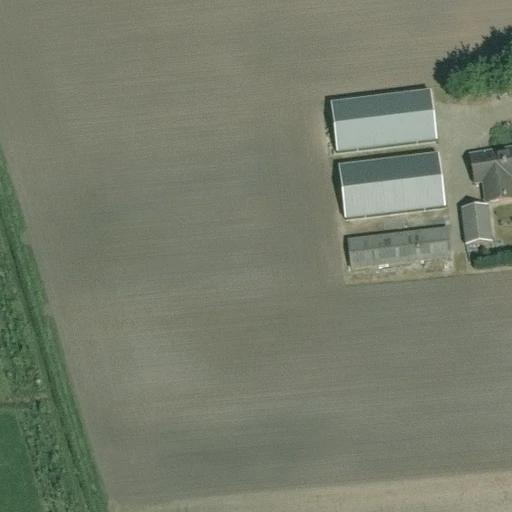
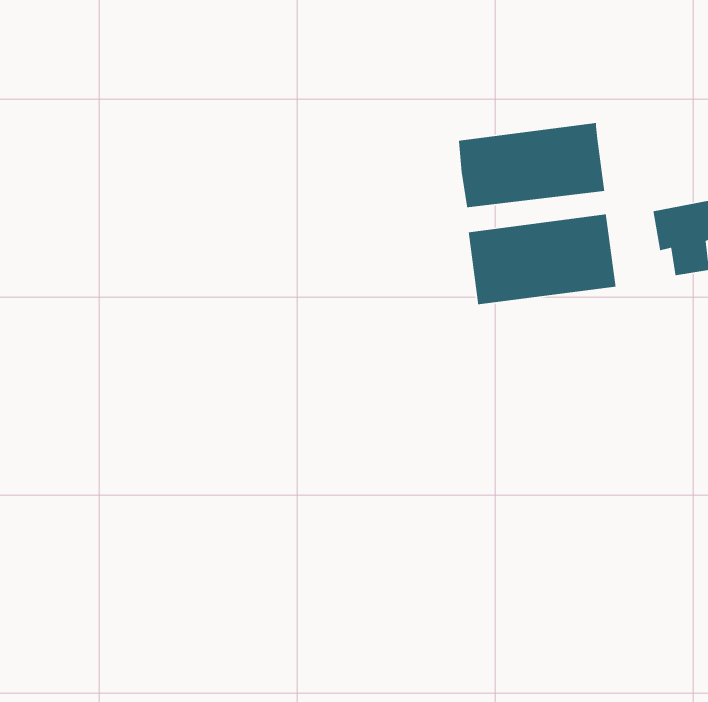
building: [461,203,493,243] -> none
building: [348,225,452,267] -> none

